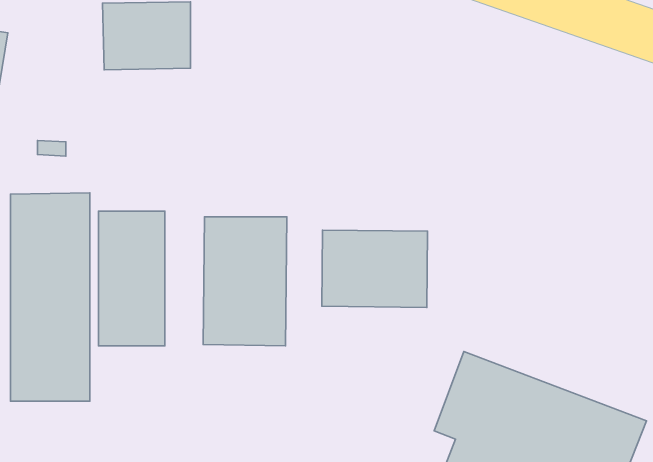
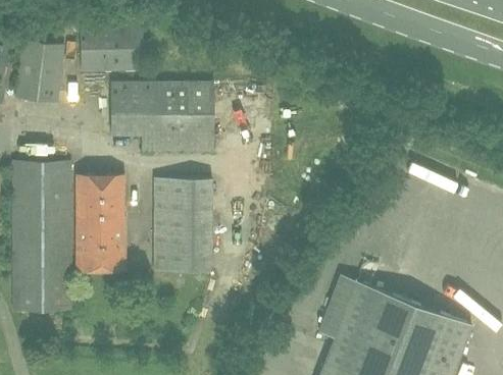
building: none -> [15,40,64,103]
building: none -> [110,83,213,152]
building: [322,230,428,307] -> none

